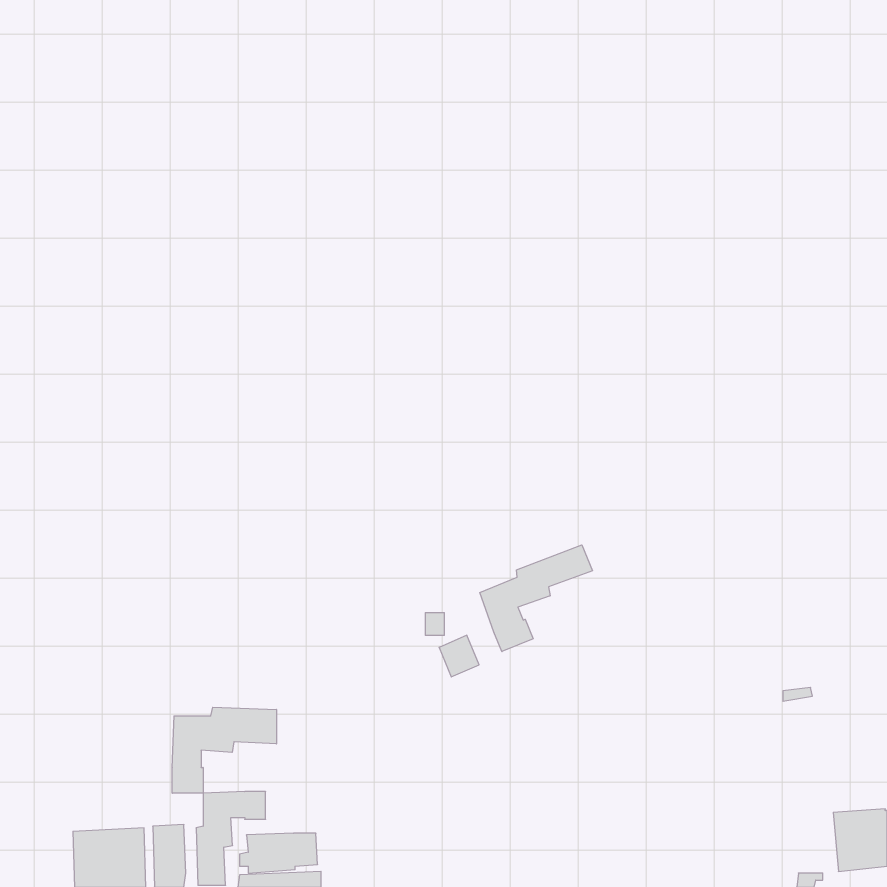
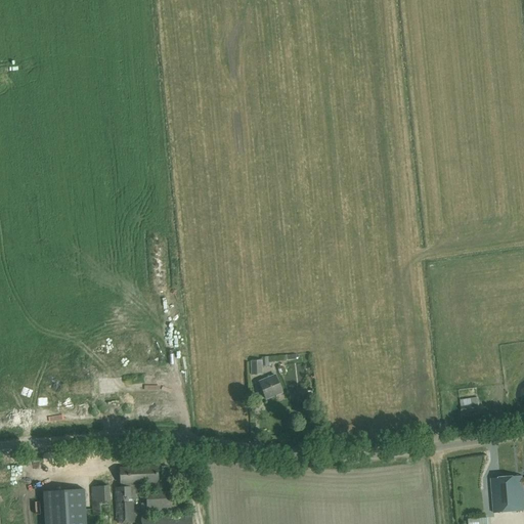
building: [480,545,592,652] -> none
building: [172,707,276,793] -> none

